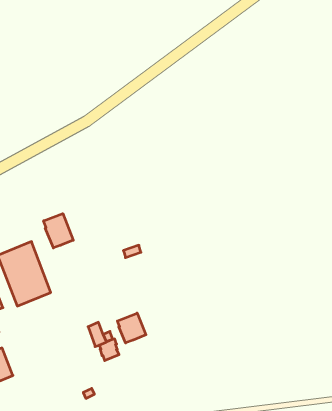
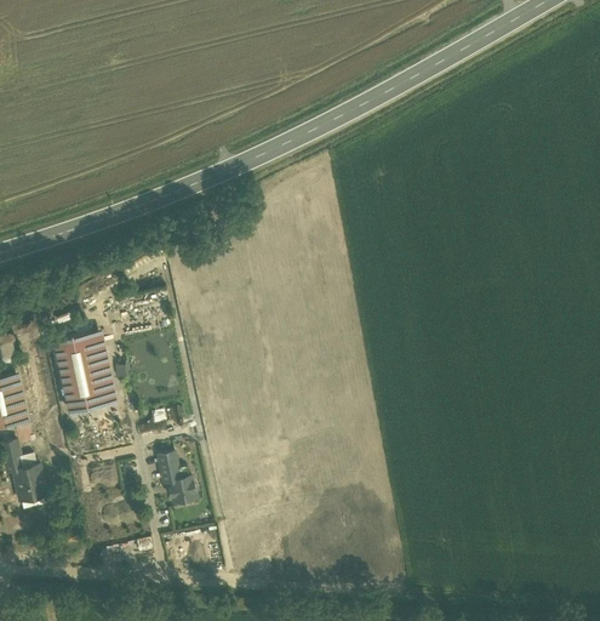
building: [44,214,73,248] -> none
building: [117,313,146,343] -> none

